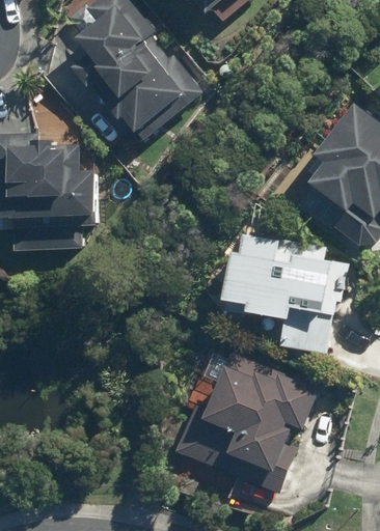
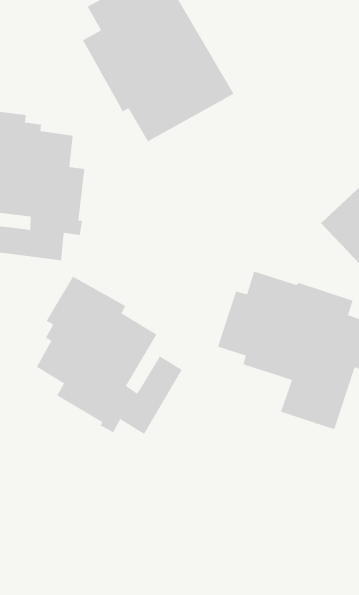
building: none -> [36,276,183,435]
building: [174,352,318,493] -> none

